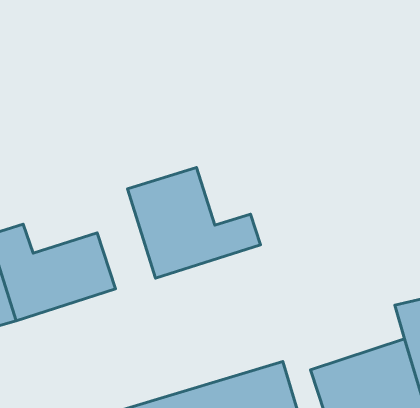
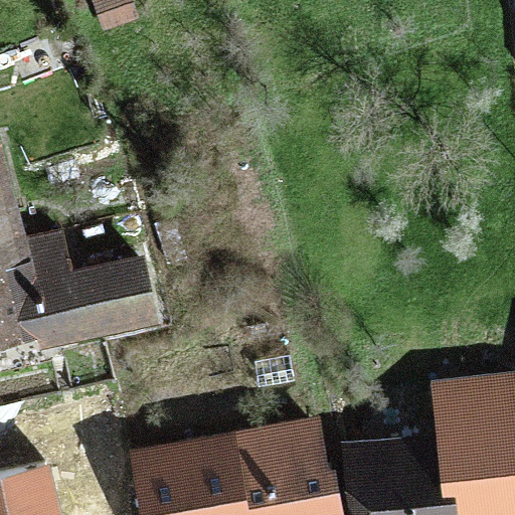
building: [128,167,261,278] -> none

